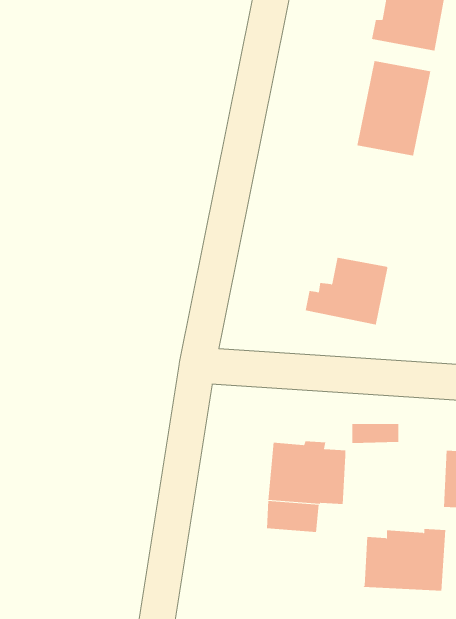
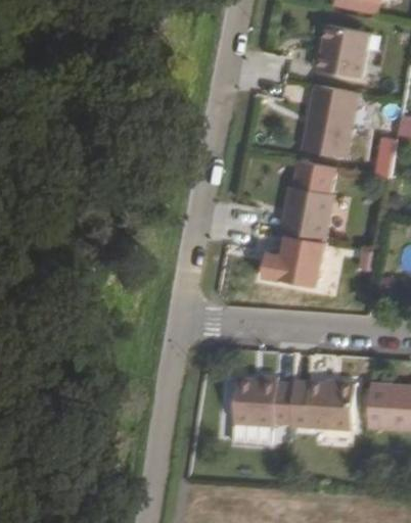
building: none -> [280,160,336,243]
building: [362,529,446,591] -> [289,382,354,430]

